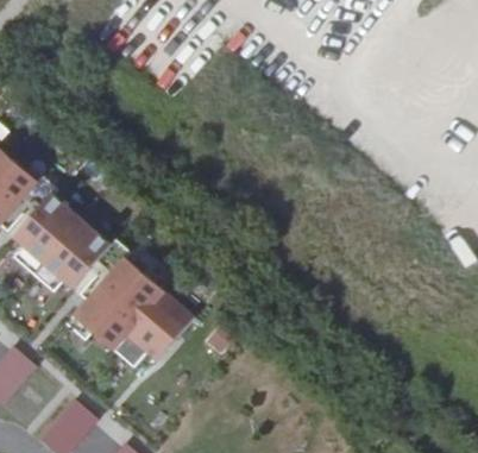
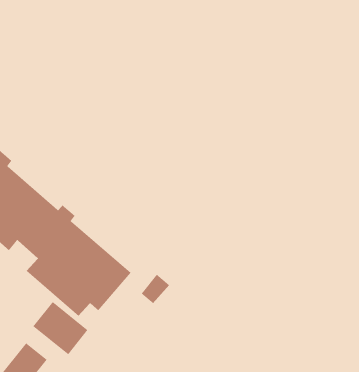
building: none -> [33,301,88,355]

